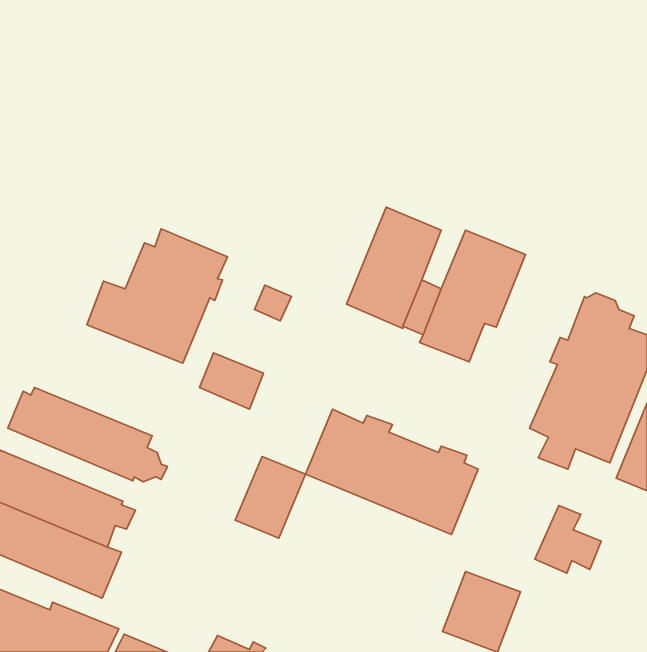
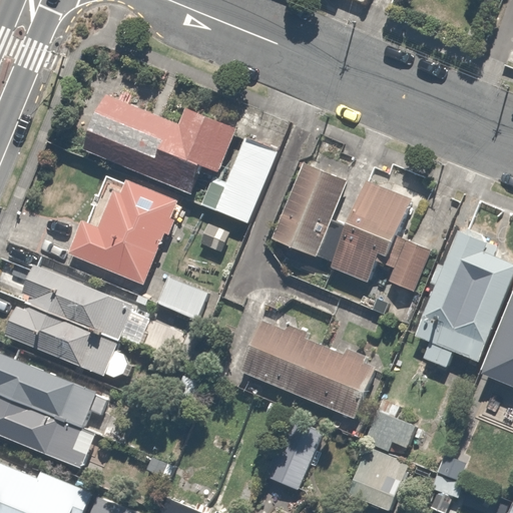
building: none -> [83,95,236,194]
building: none -> [200,137,278,223]
building: none -> [377,236,430,292]
building: none -> [24,266,149,346]
building: [235,456,306,538] -> [264,426,319,490]
building: [535,505,601,573] -> [364,399,416,452]

